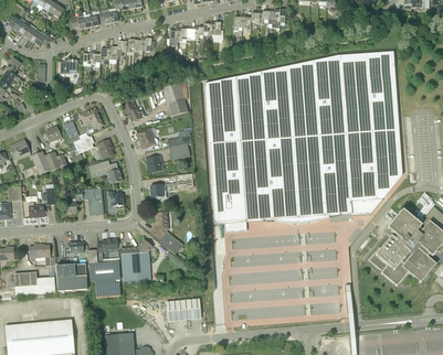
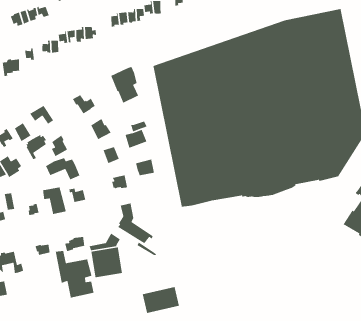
building: [55,262,87,290] -> none

